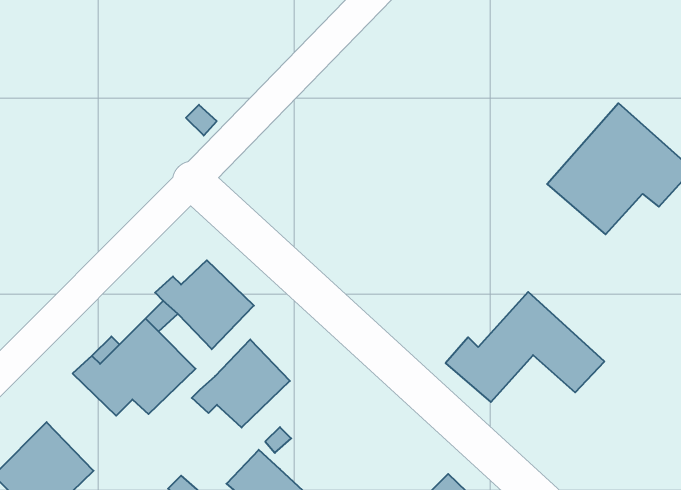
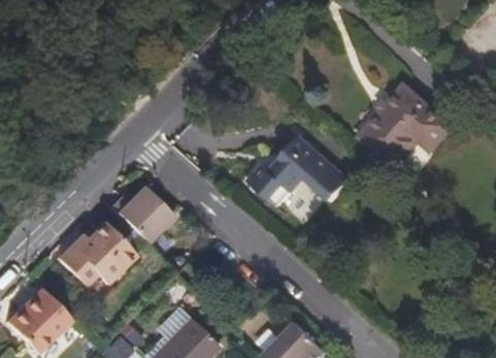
building: [446,292,604,402] -> [250,137,351,207]
building: [192,339,290,428] -> none

